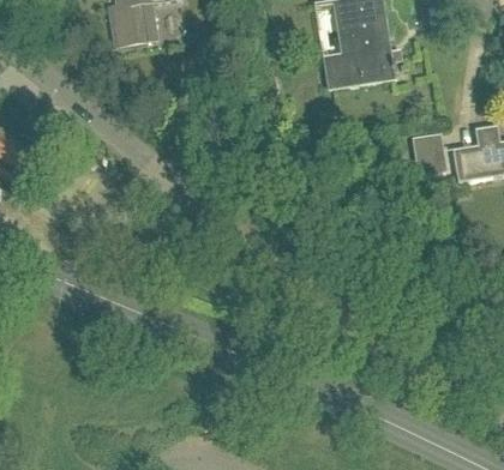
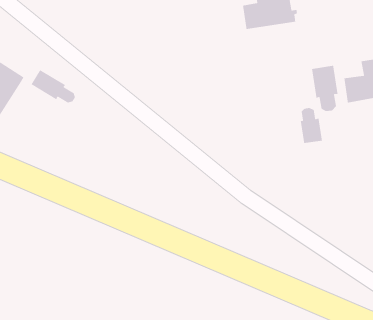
building: none -> [30,69,76,104]
building: none -> [300,107,323,144]

